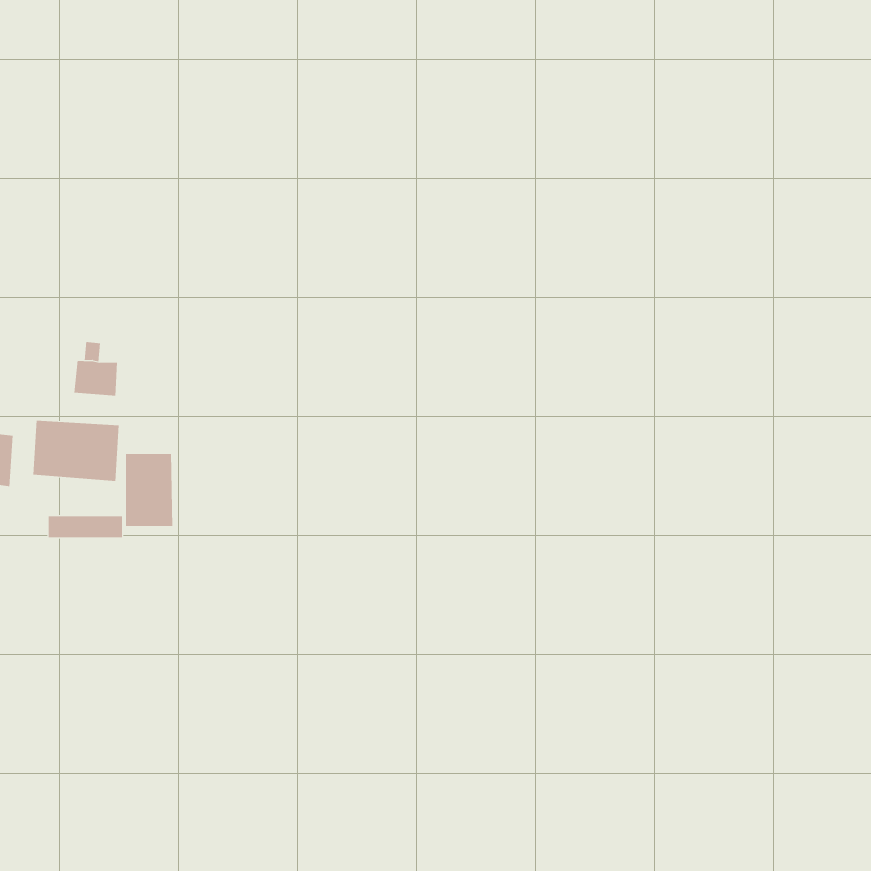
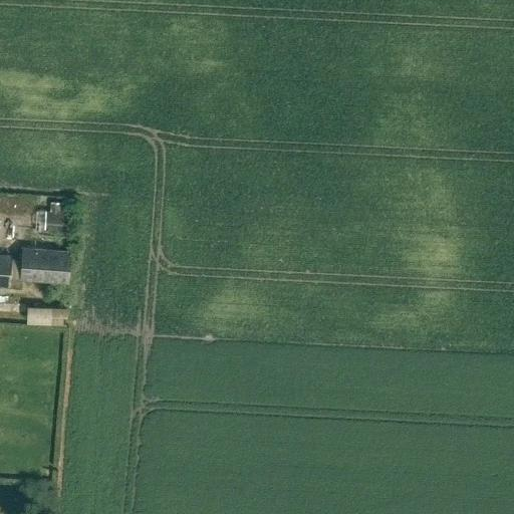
building: [126,453,173,527] -> none

